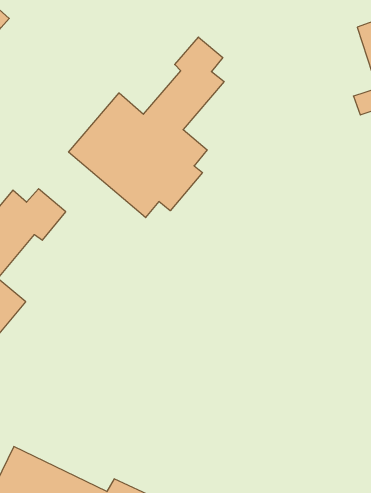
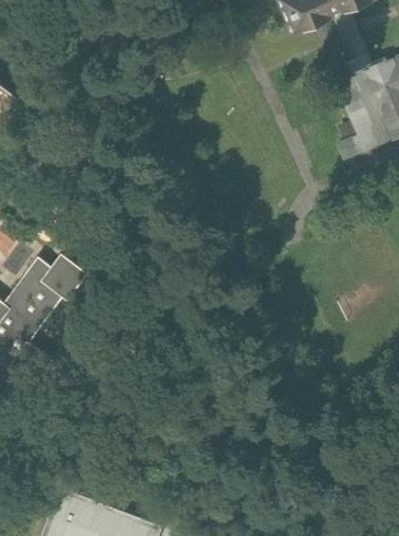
building: [69,37,224,218] -> none

